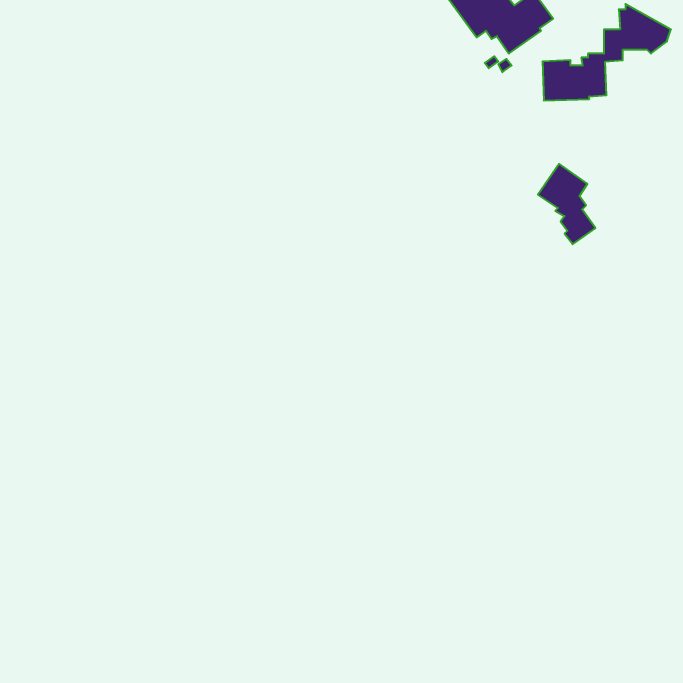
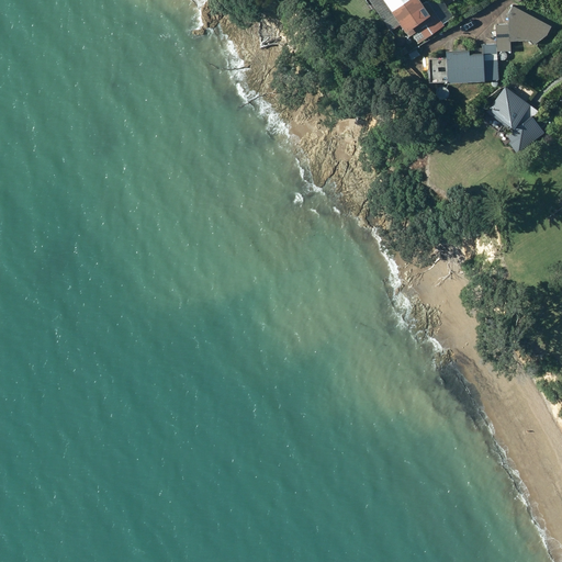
building: [538,164,595,244] -> [487,86,535,151]

